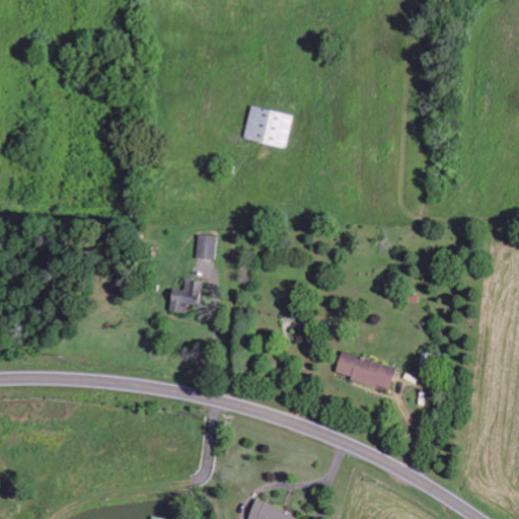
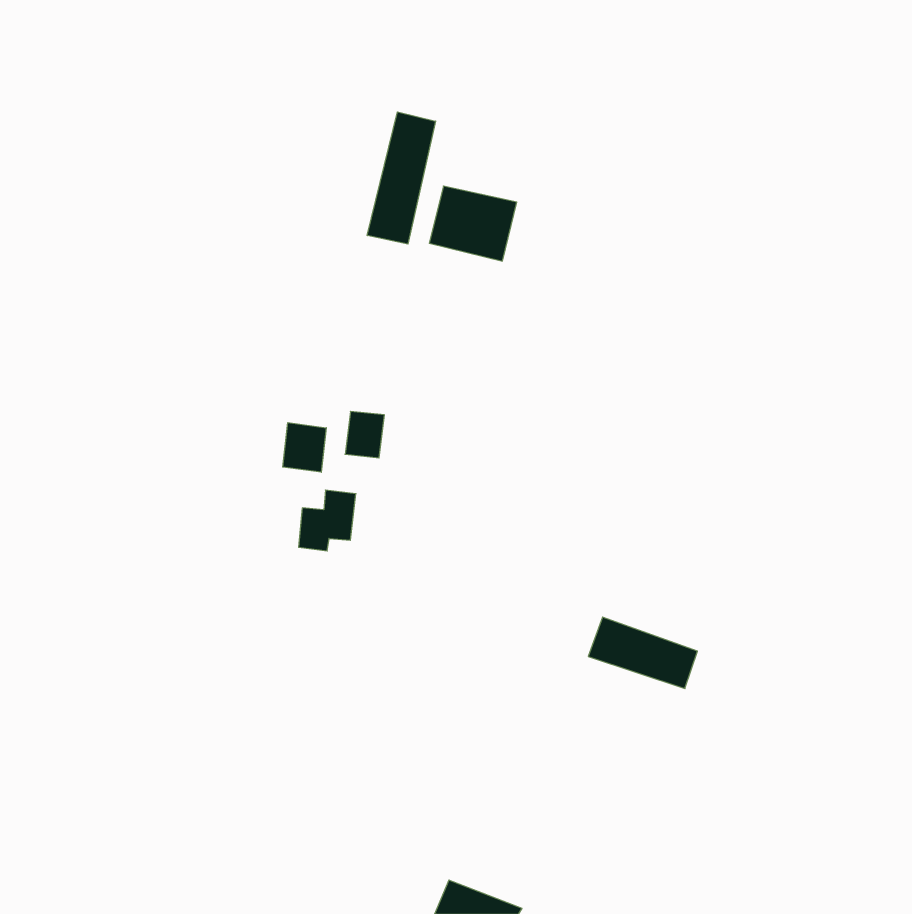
building: none -> [367,112,436,244]
building: none -> [283,423,326,472]

